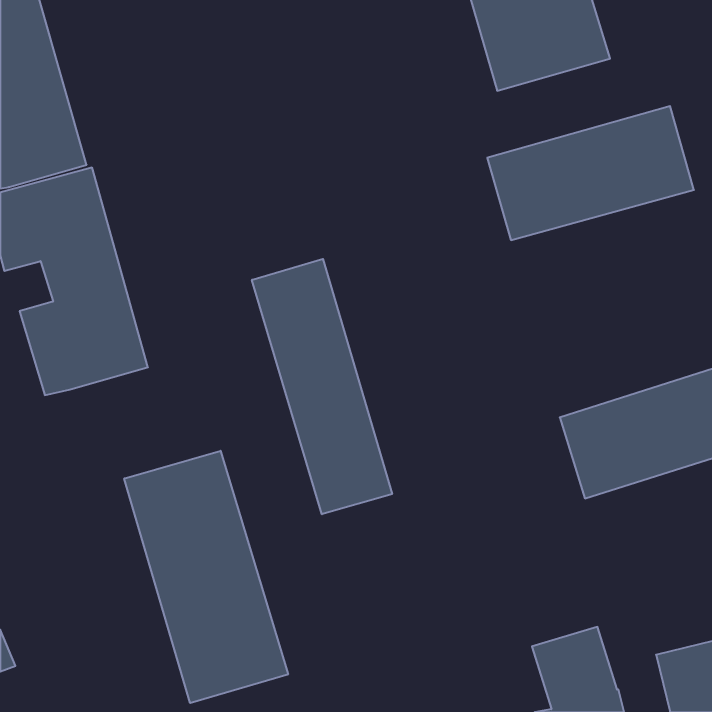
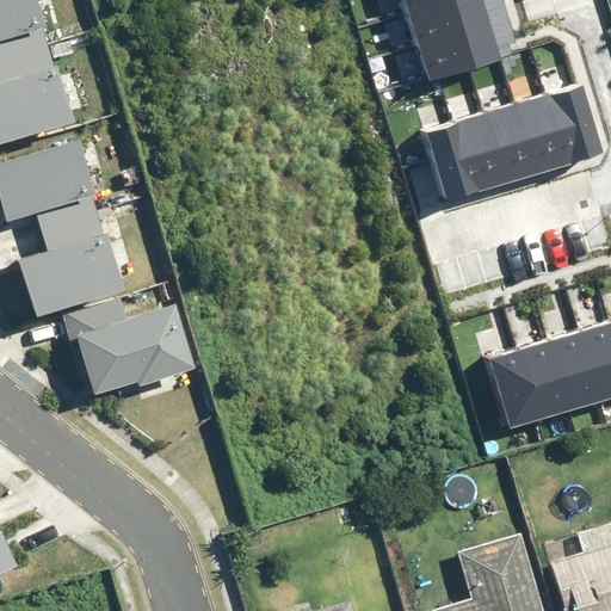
building: [252,259,392,514] -> none
building: none -> [80,319,175,390]
building: [124,451,288,703] -> none

